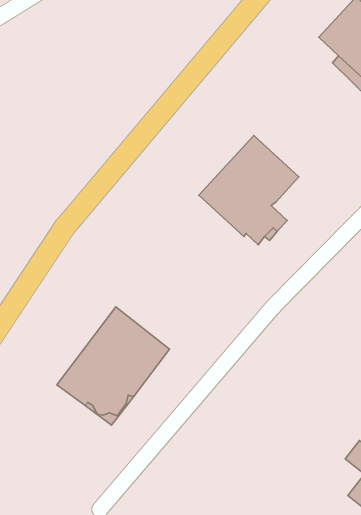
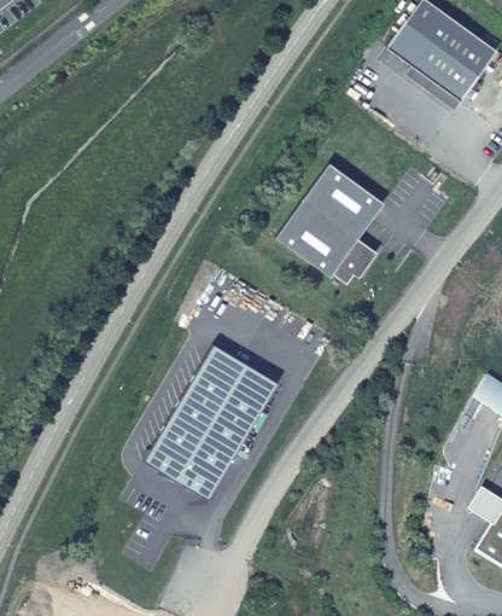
building: none -> [198,343,276,408]

